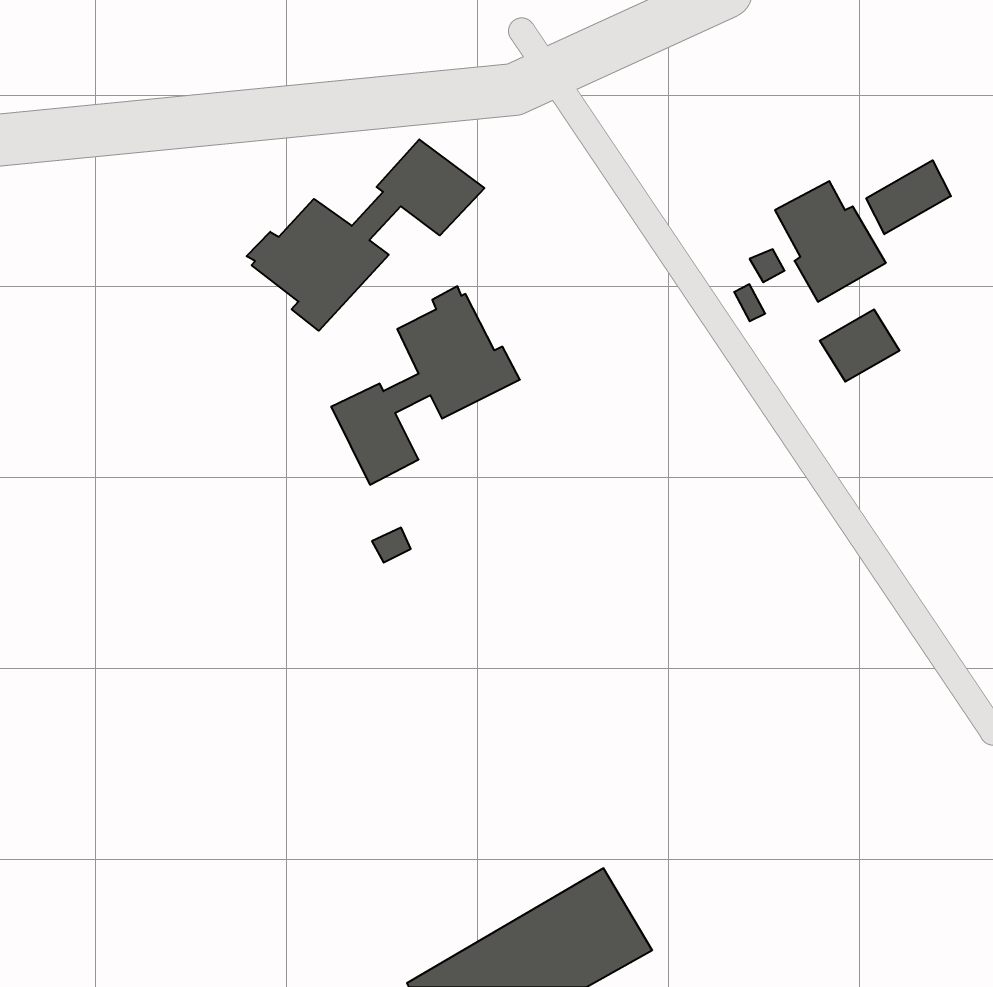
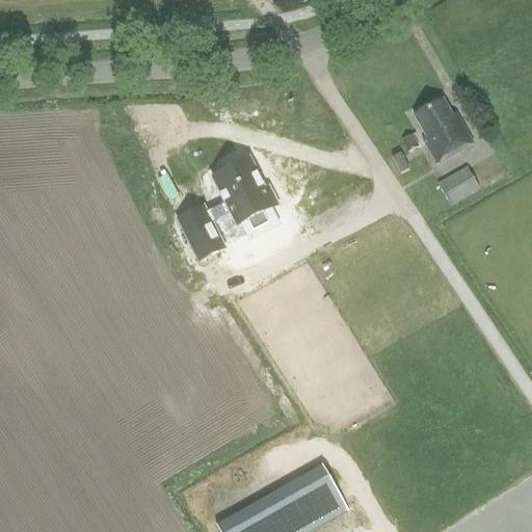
building: [247,139,484,331] -> none
building: [866,160,951,234] -> none

